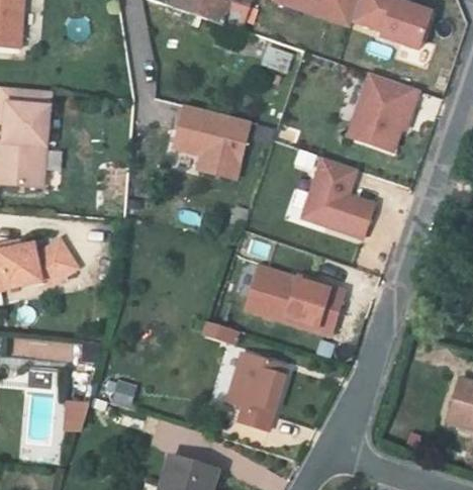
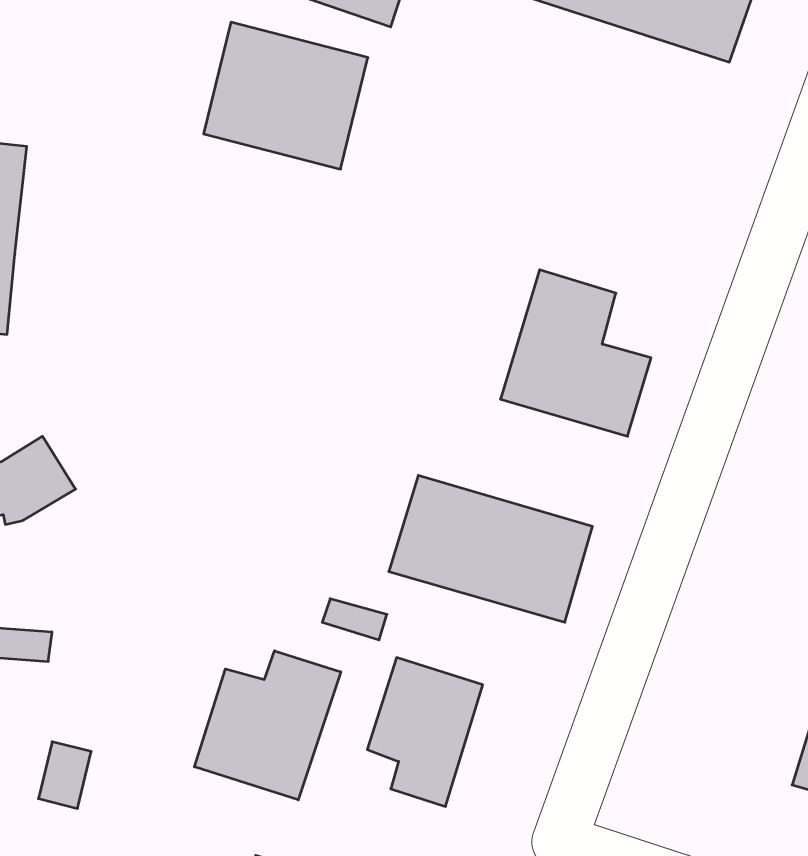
building: [344,70,418,154] -> none
building: [166,102,251,178] -> [204,22,368,169]
building: none -> [194,651,341,800]

